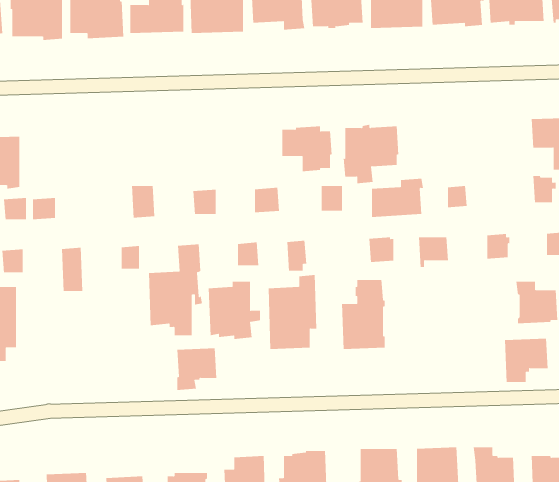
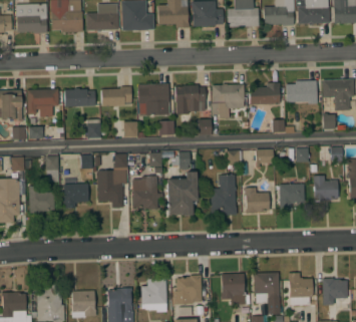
building: none -> [286,80,318,104]
building: none -> [137,84,169,115]
building: none -> [101,86,132,106]
building: none -> [27,88,59,117]
building: none -> [65,88,95,106]
building: [371,178,424,218] -> [250,82,281,105]
building: none -> [29,186,55,214]
building: none -> [245,188,270,213]
building: [504,338,549,382] -> [279,184,305,210]
building: [176,348,217,390] -> [64,184,88,209]

